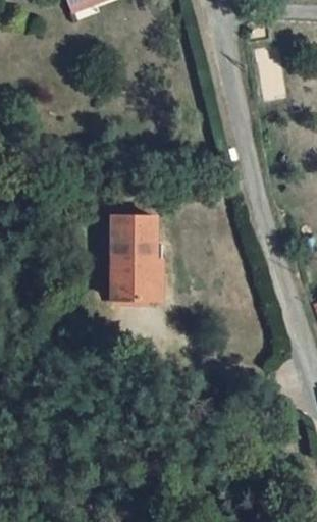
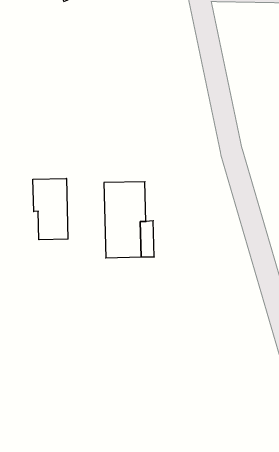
building: none -> [33,178,68,240]

